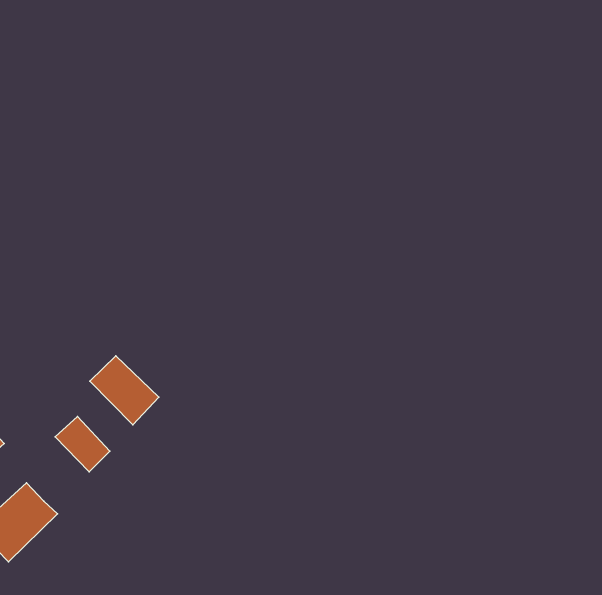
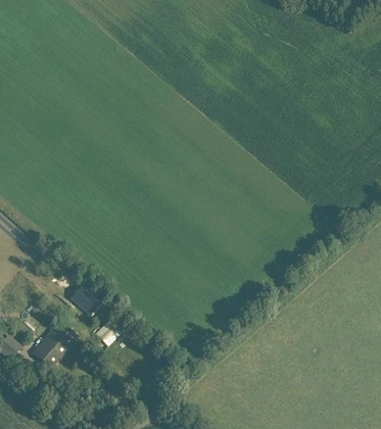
building: [90,356,159,425] -> none

